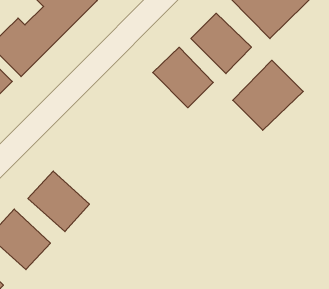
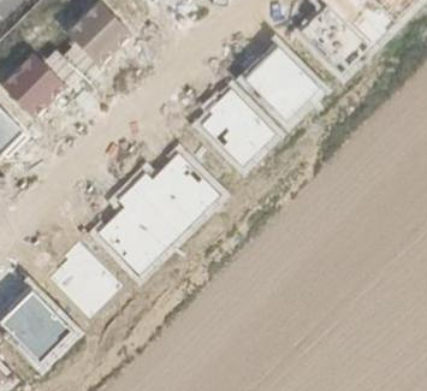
building: [233,60,303,130] -> none
building: none -> [89,143,224,277]

